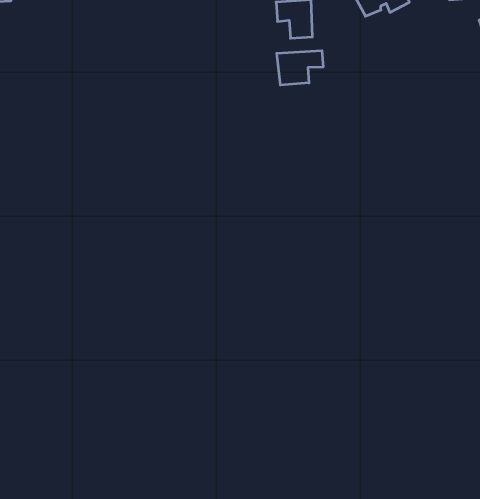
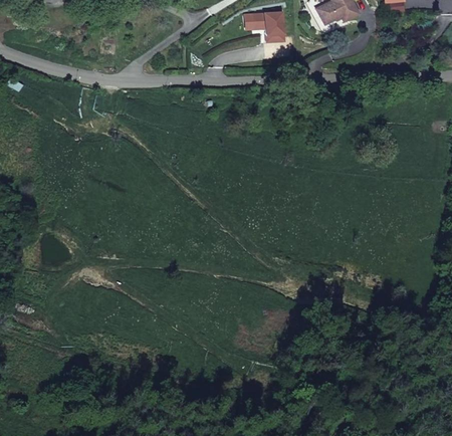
building: [277,51,323,85] -> none

